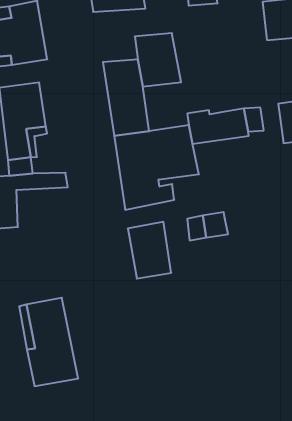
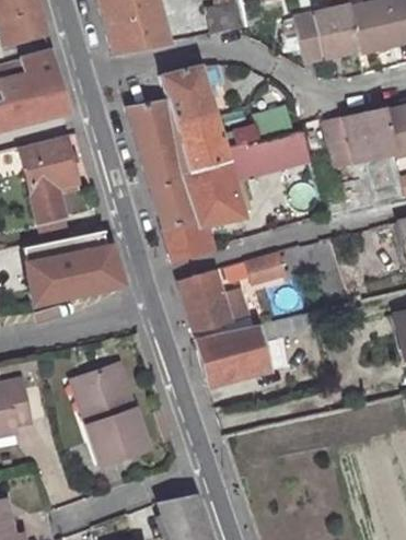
building: none -> [175,117,262,174]
building: none -> [54,245,120,294]
building: none -> [196,322,272,386]

